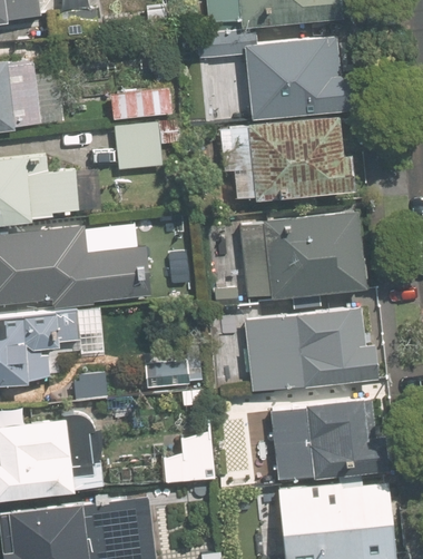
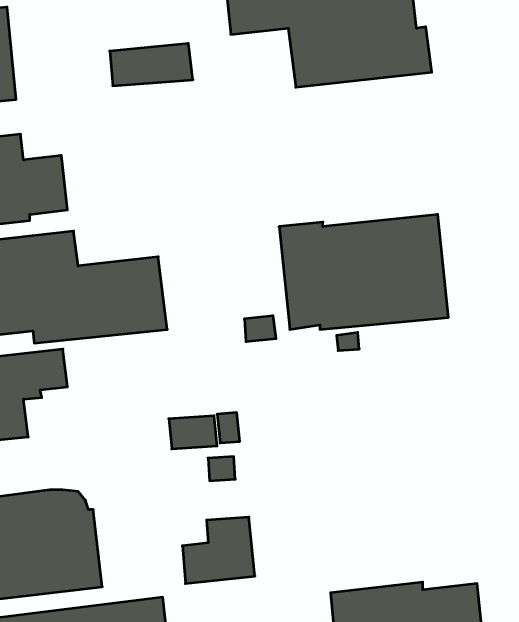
building: [225,116,353,198] -> none
building: [117,121,184,168] -> none
building: [244,308,374,391] -> none
building: [269,400,384,478] -> none

